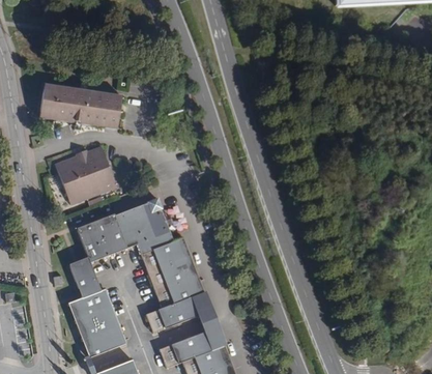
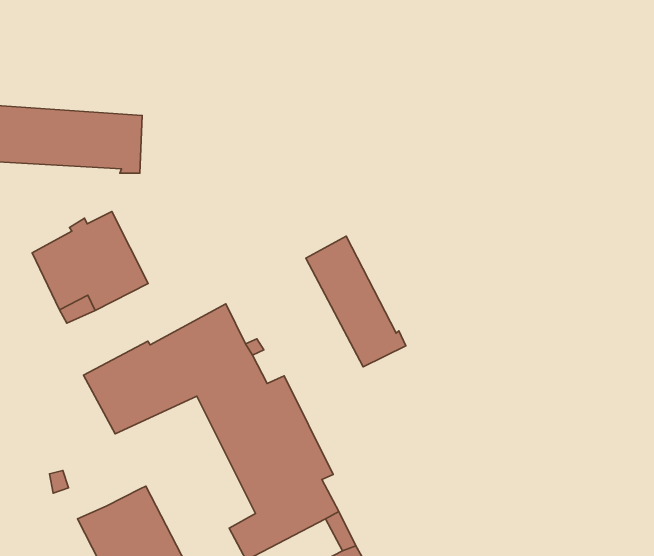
building: none -> [306,236,406,367]
building: [65,259,97,293] -> none

